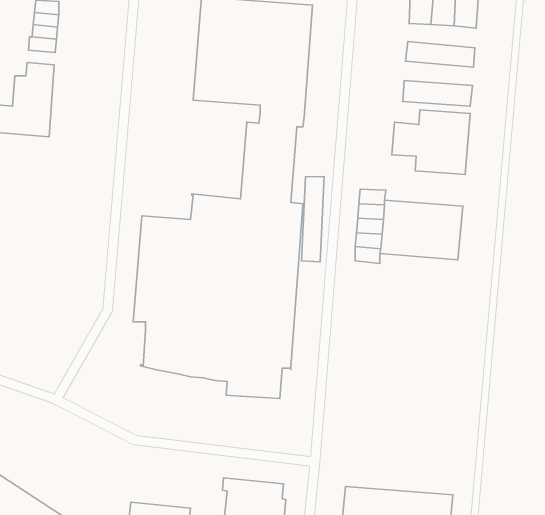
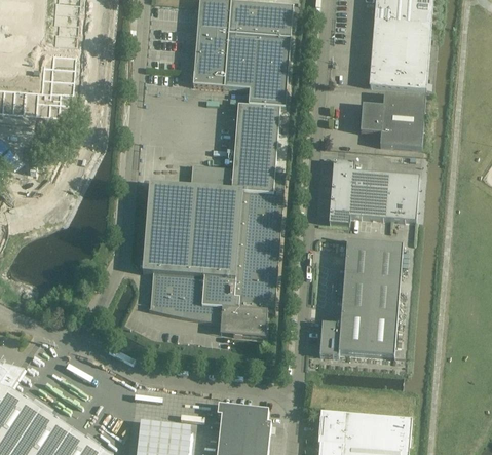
building: none -> [373,21,430,41]
building: none -> [370,52,428,73]
building: [301,176,324,262] -> none
building: none -> [318,238,403,357]

